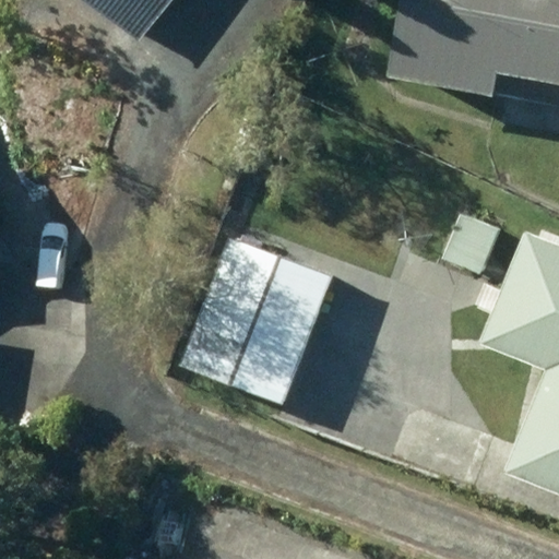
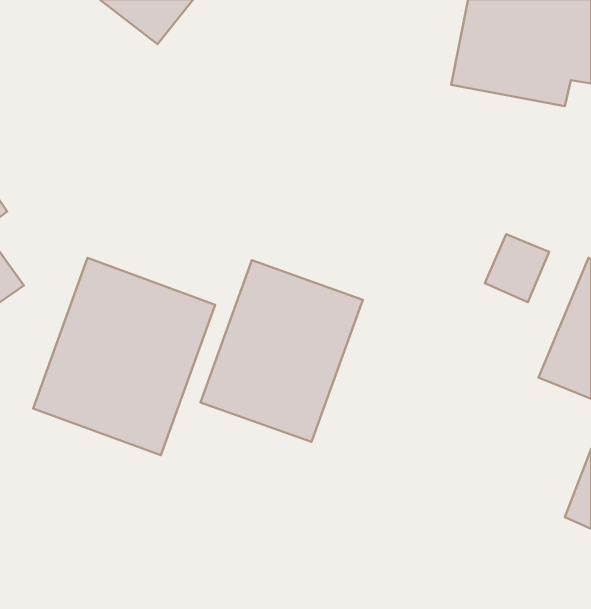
building: none -> [33,258,215,455]

